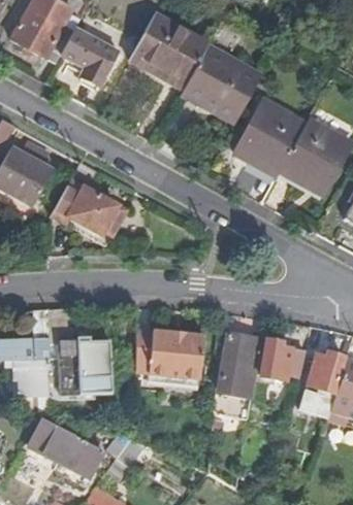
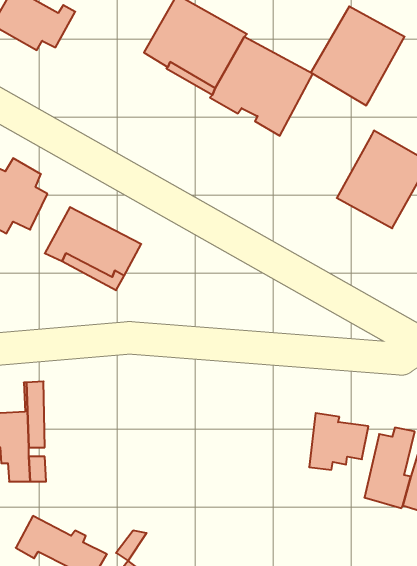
building: [60,27,119,86] -> none
building: [233,100,307,177] -> [311,6,405,105]
building: [131,329,199,372] -> none
building: [217,335,261,400] -> none
building: [62,341,113,394] -> none

